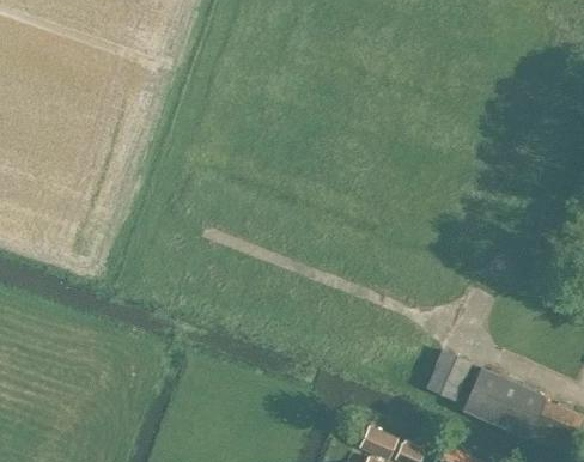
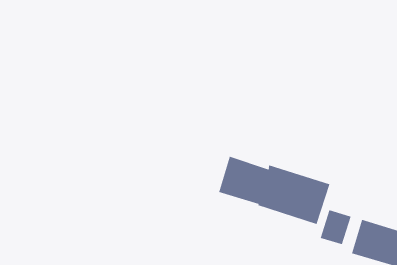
building: none -> [219,156,330,225]

